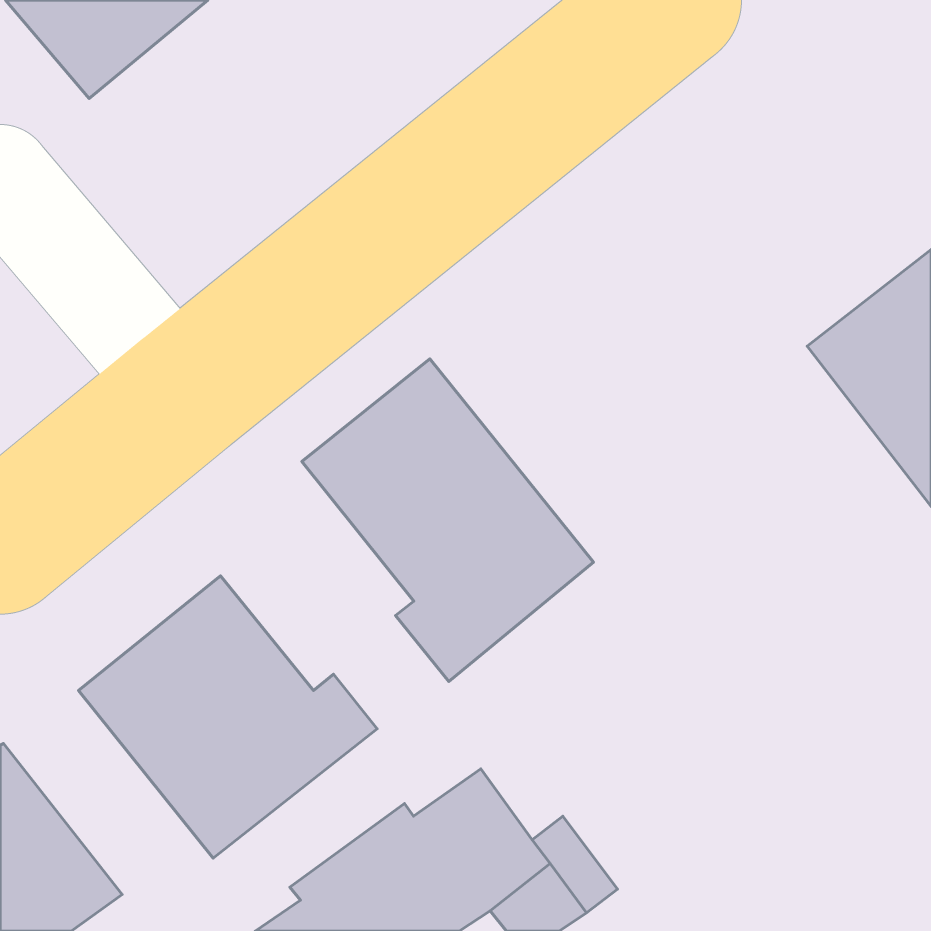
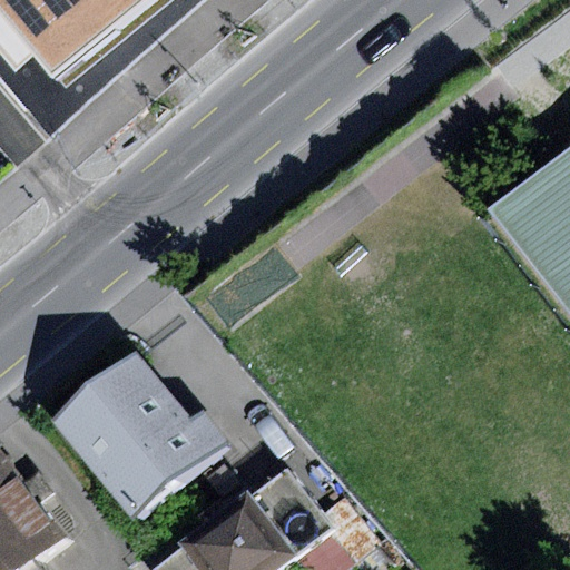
building: [302,359,593,682] -> none

